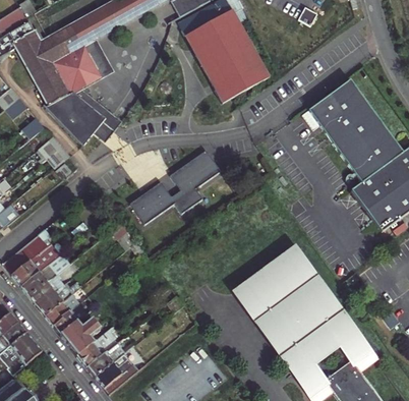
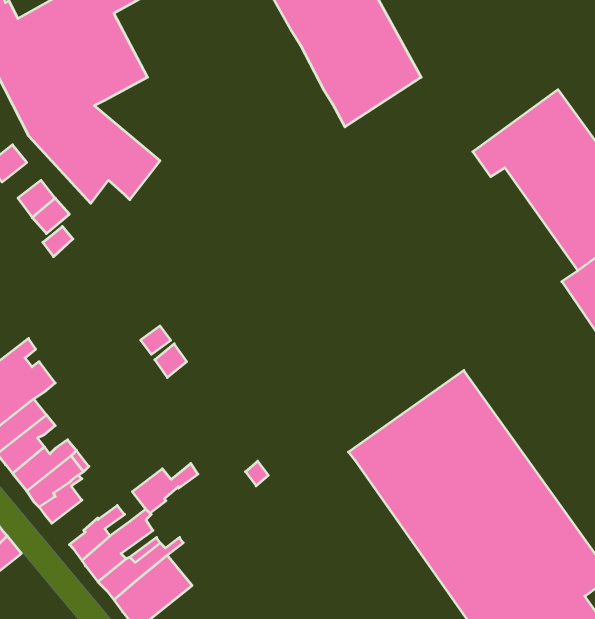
building: [132,150,220,221] -> none
building: [59,314,97,343] -> [132,463,198,513]

